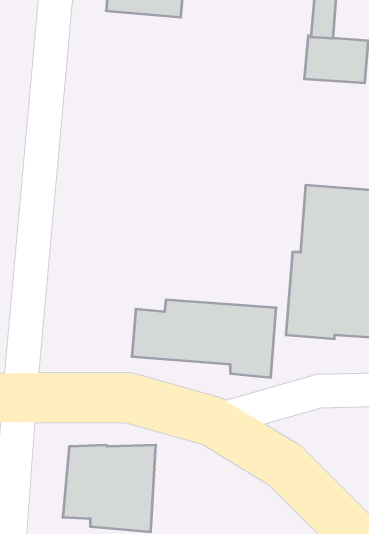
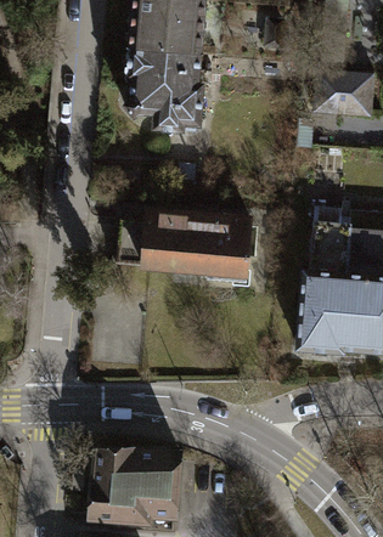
building: none -> [125,46,205,130]
building: [132,300,276,377] -> [118,210,252,282]

